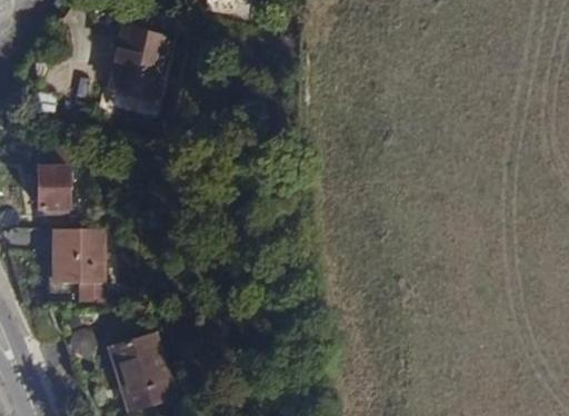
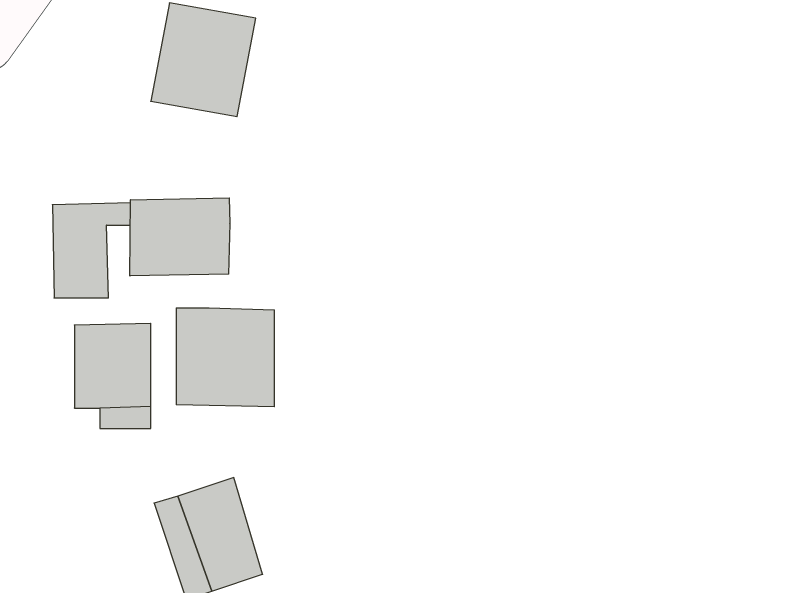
building: none -> [130,198,230,276]
building: none -> [176,308,274,407]

